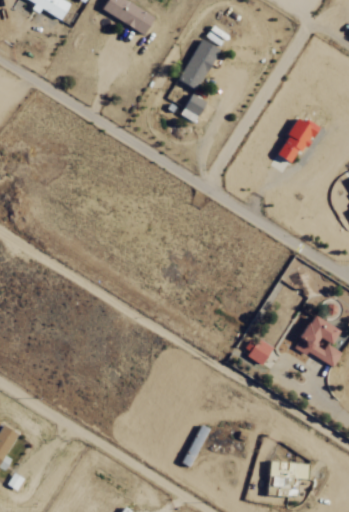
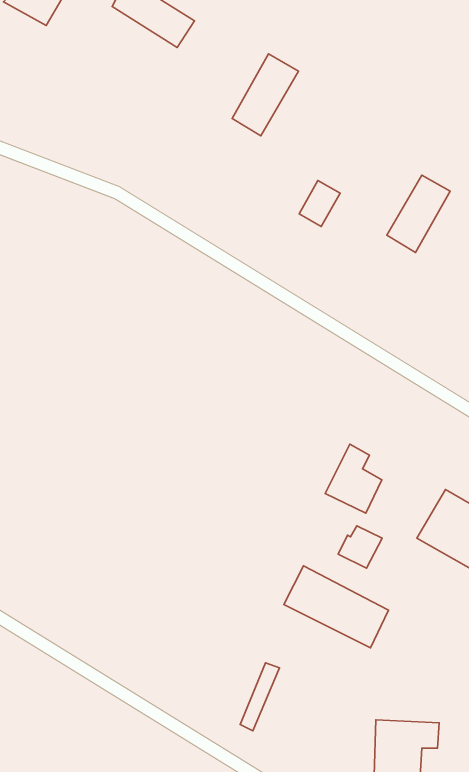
building: [181,93,207,122] -> [299,181,340,226]
building: none -> [325,444,382,513]
building: none -> [284,566,388,648]

